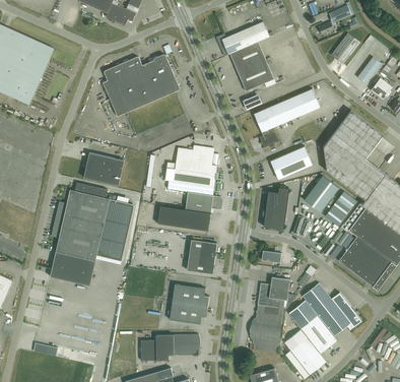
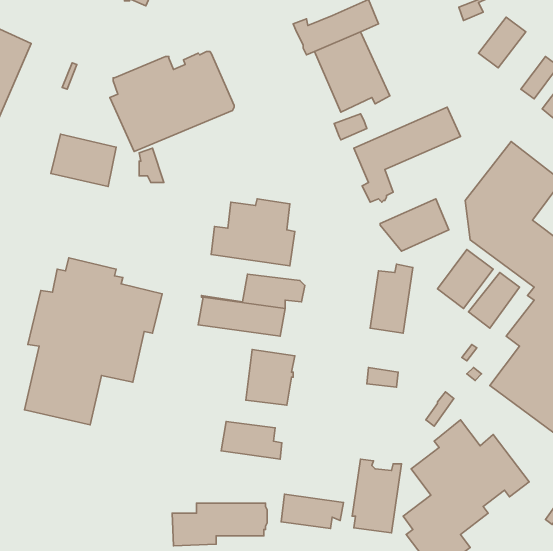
building: [82,152,123,185] -> [51,134,116,186]
building: [256,276,289,309] -> none
building: [169,302,207,323] -> [281,494,344,529]

